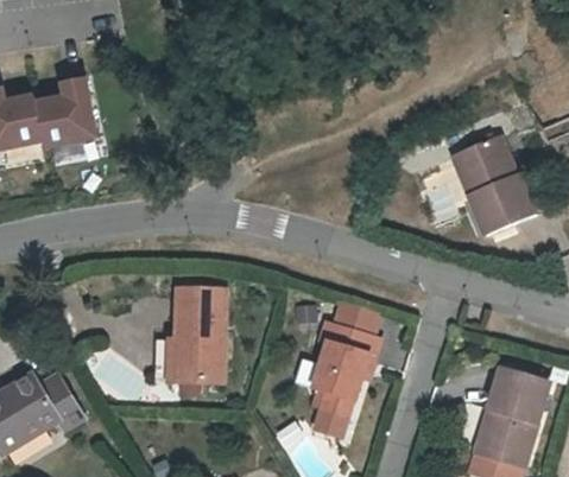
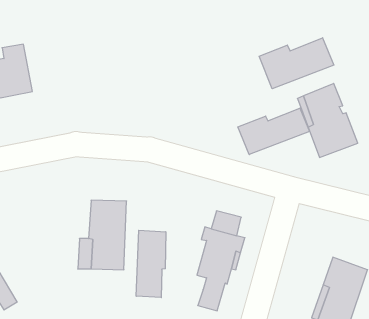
building: none -> [259,38,334,89]
building: none -> [238,108,310,155]
building: none -> [136,230,166,298]

